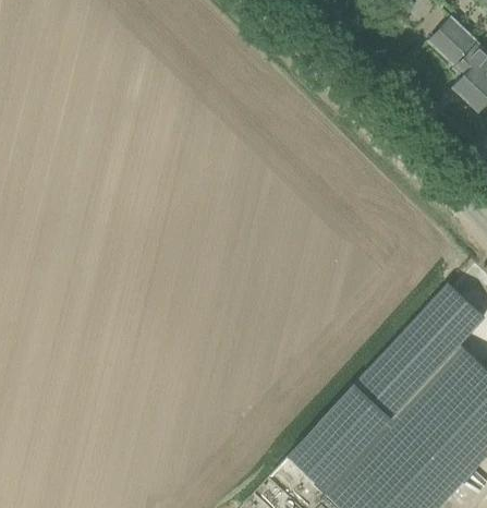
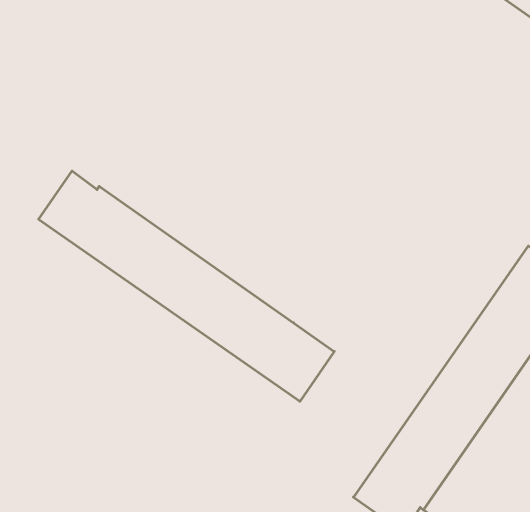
building: none -> [39,171,334,401]

